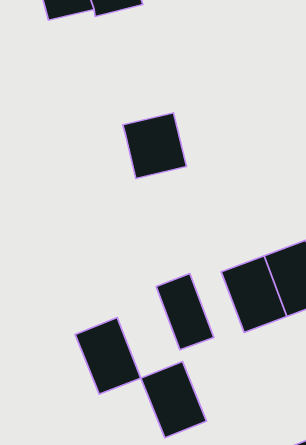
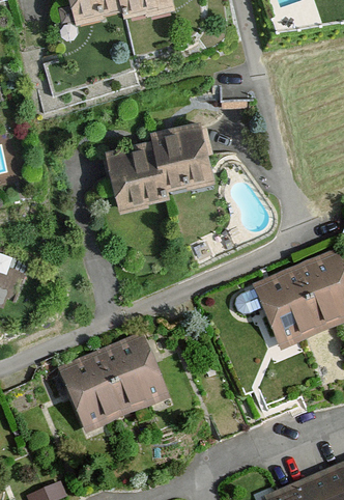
building: none -> [103,144,167,211]
building: [156,273,214,350] -> none
building: [141,361,206,438] -> [58,352,126,432]

